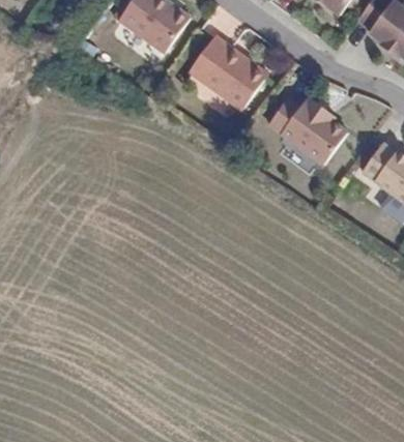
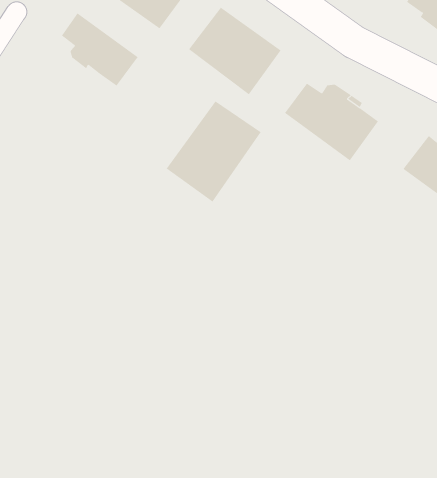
building: none -> [61,13,139,86]
building: none -> [166,101,262,203]

